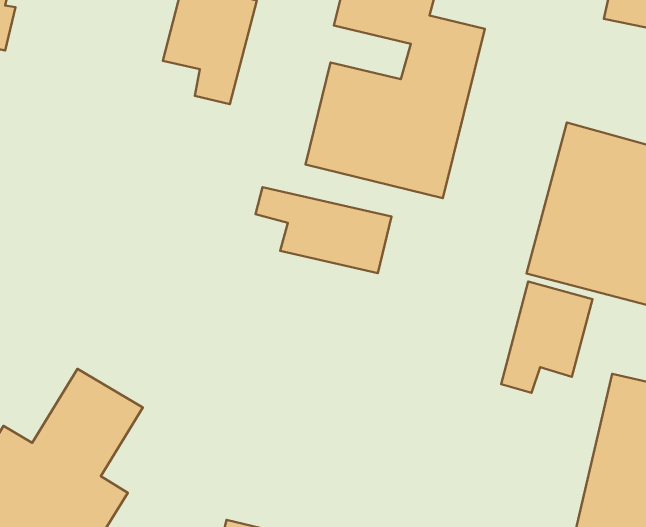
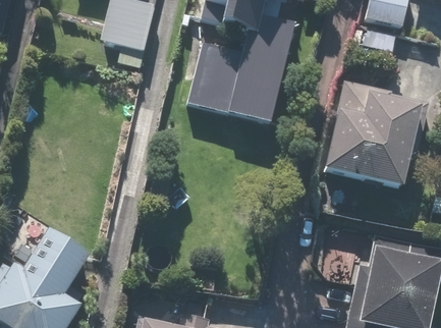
building: [256,187,391,273] -> none
building: [501,282,593,393] -> none

